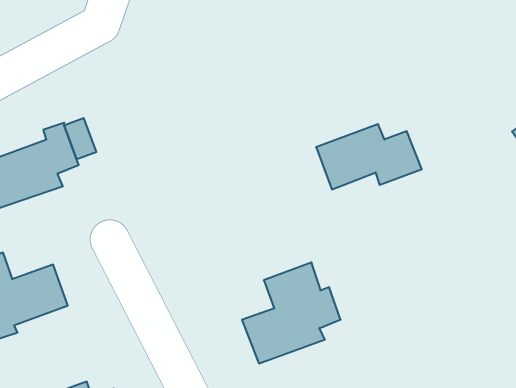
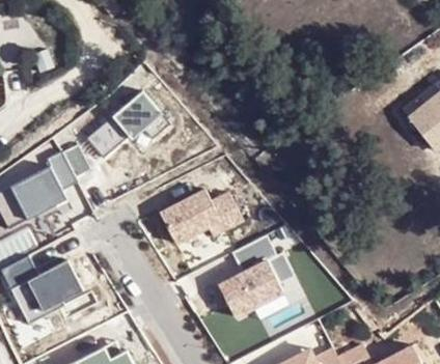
building: none -> [87,91,171,158]
building: [316,124,422,189] -> [160,191,243,245]

